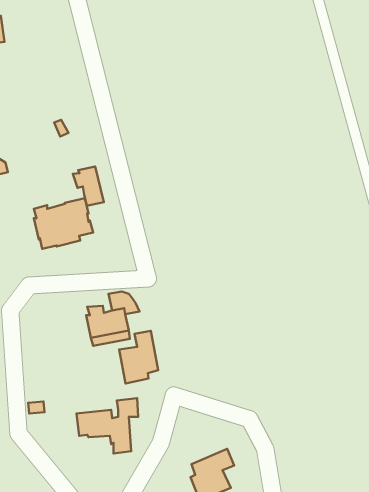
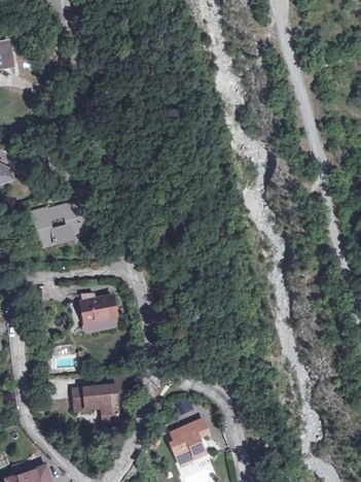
building: [73,166,104,206] -> none
building: [119,331,158,383] -> none

